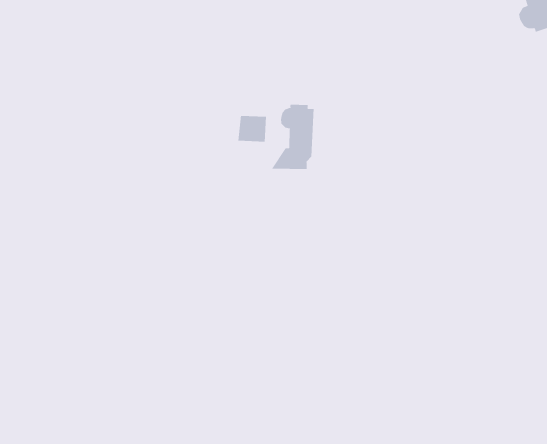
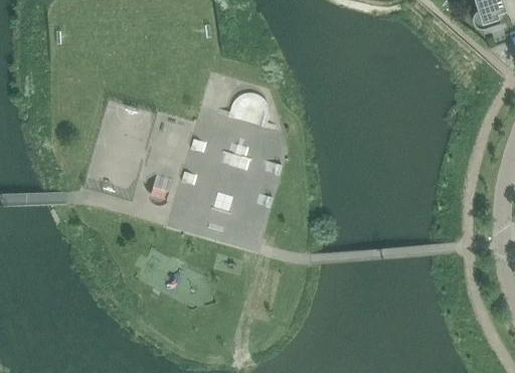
building: [272,104,314,170] -> none

